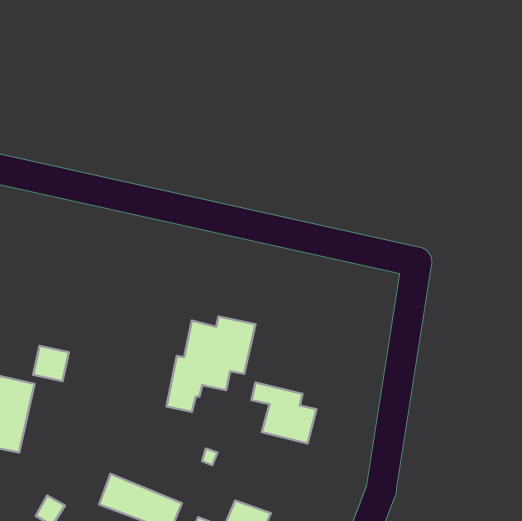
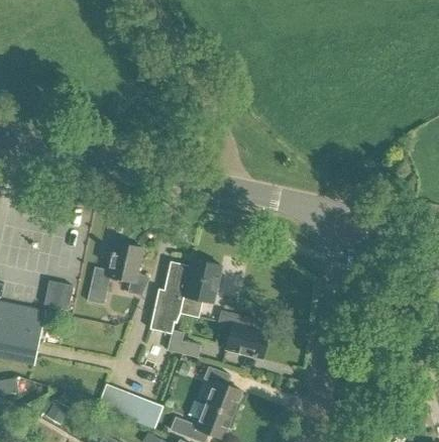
building: none -> [87,241,148,304]
building: none -> [167,329,200,357]
building: none -> [203,365,241,414]

